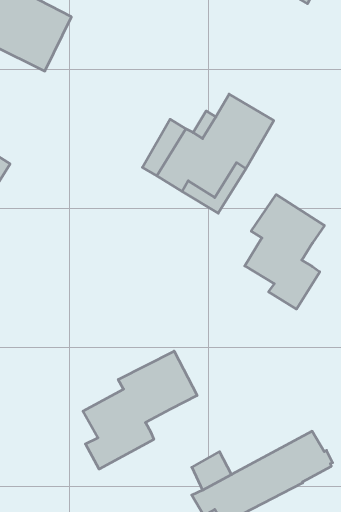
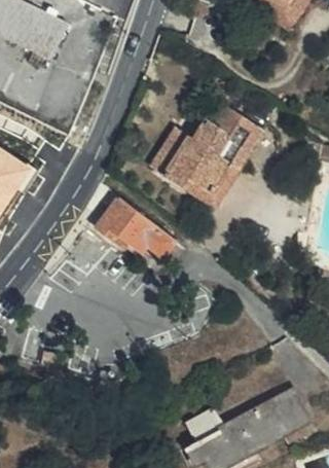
building: [245,195,324,309] -> none
building: none -> [94,195,173,254]
building: [83,351,197,469] -> none

